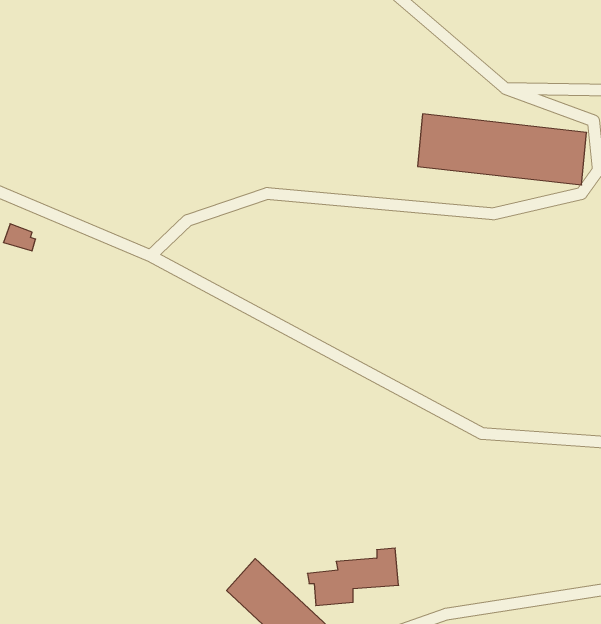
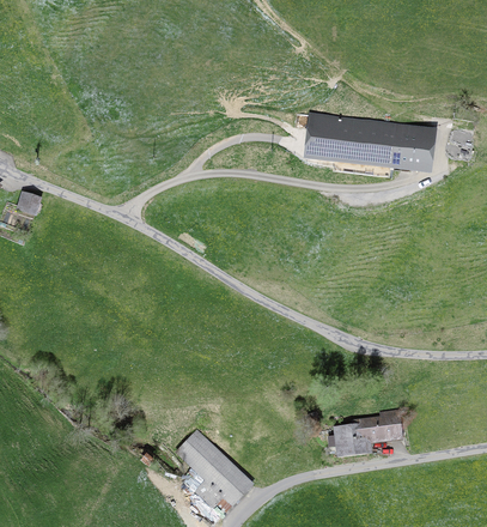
building: [307,548,399,606] -> [333,412,397,453]

